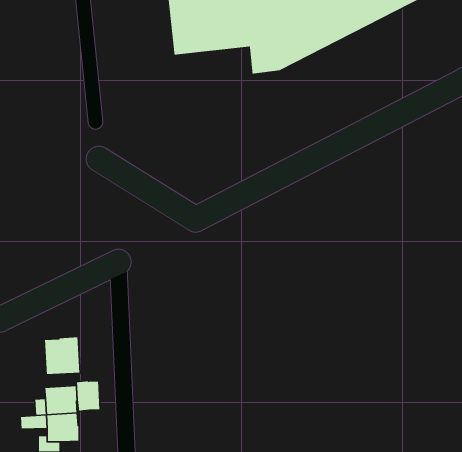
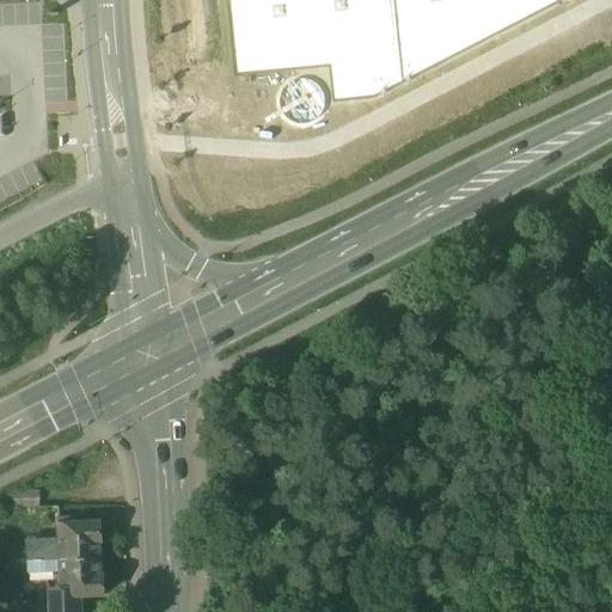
building: [44,337,80,375] -> none
building: [76,380,100,411] -> none

